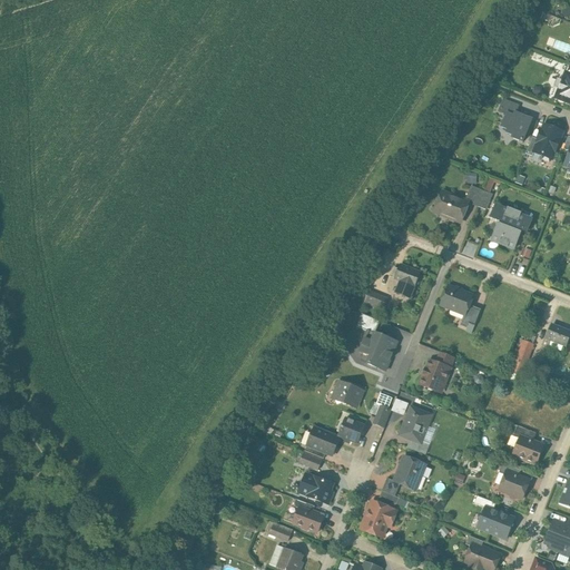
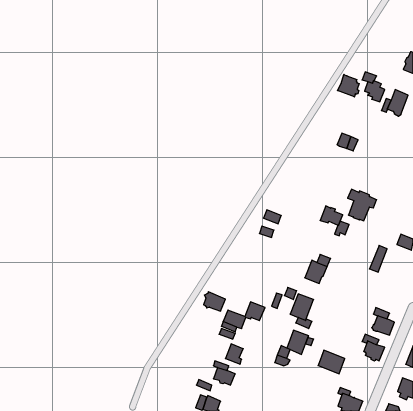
building: none -> [337,74,359,97]
building: [436,191,468,220] -> none
building: [491,204,531,247] -> [348,189,377,221]
building: [391,263,421,297] -> none
building: [360,328,397,370] -> none
building: [333,380,363,406] -> [204,292,225,311]
building: [362,500,396,535] -> none
building: [478,505,514,538] -> [318,350,345,374]

